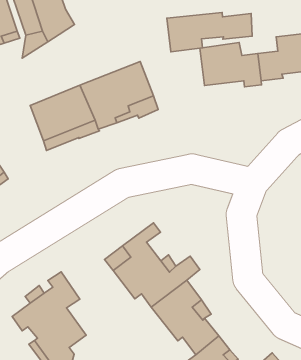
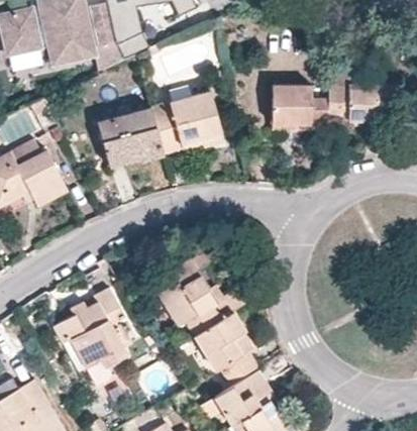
building: [167,12,252,52] -> none

